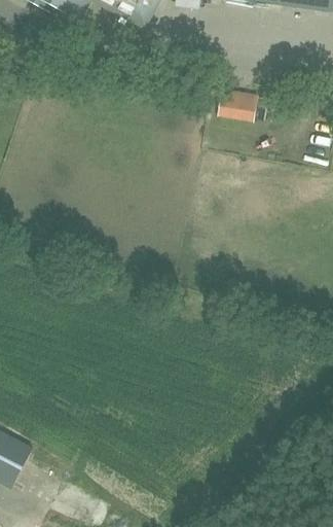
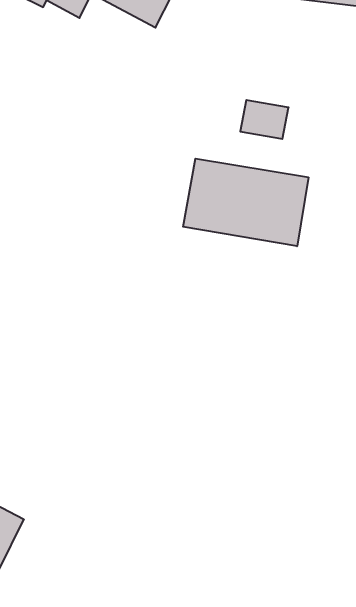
building: none -> [183,159,308,246]

